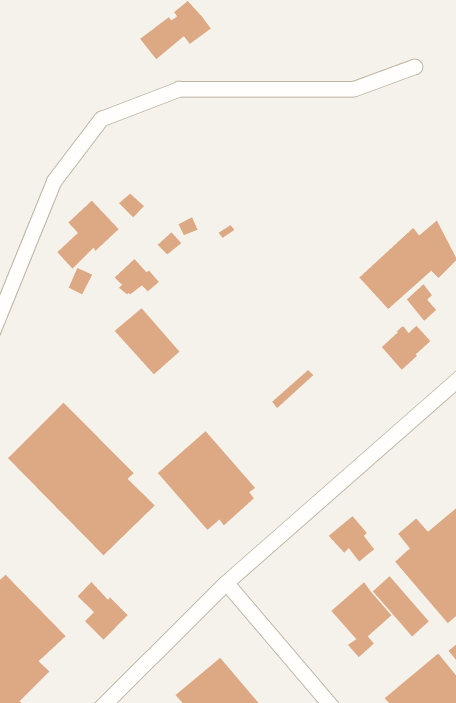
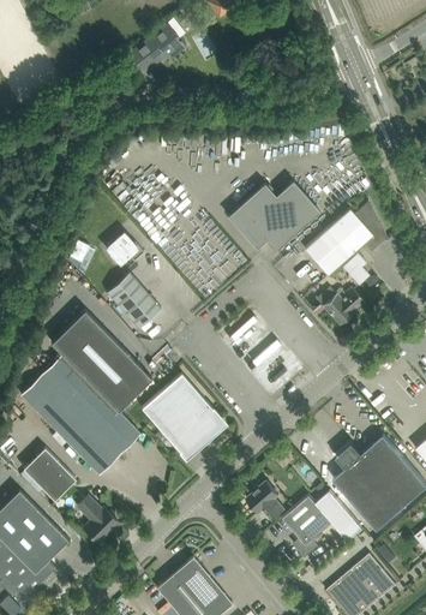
building: none -> [228,180,320,250]
building: [56,200,119,269] -> none
building: none -> [50,310,151,407]
building: [328,515,375,562] -> [246,482,284,520]
building: none -> [23,447,76,500]

